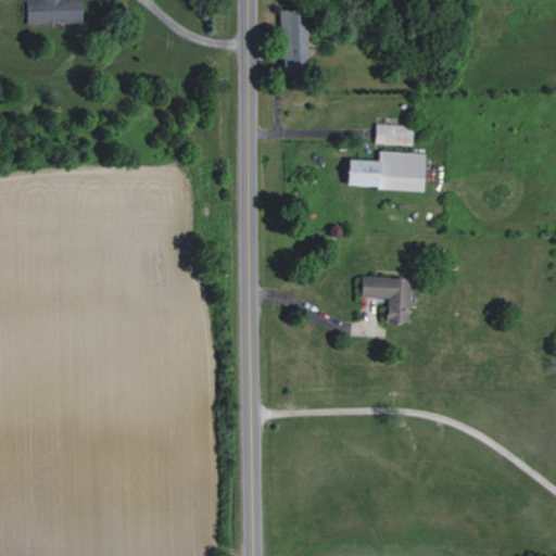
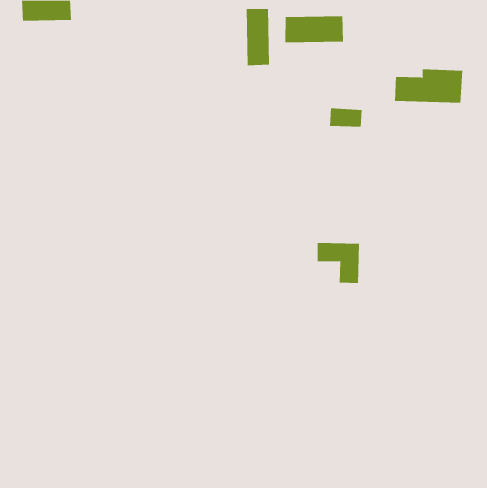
building: none -> [285,16,344,43]
building: [348,150,426,189] -> [394,69,463,103]

